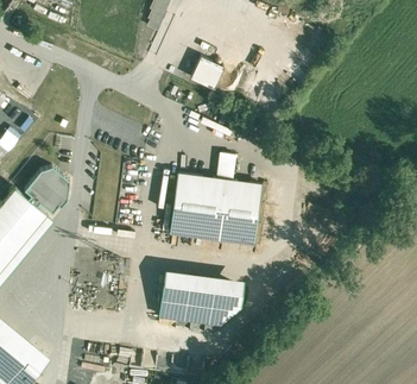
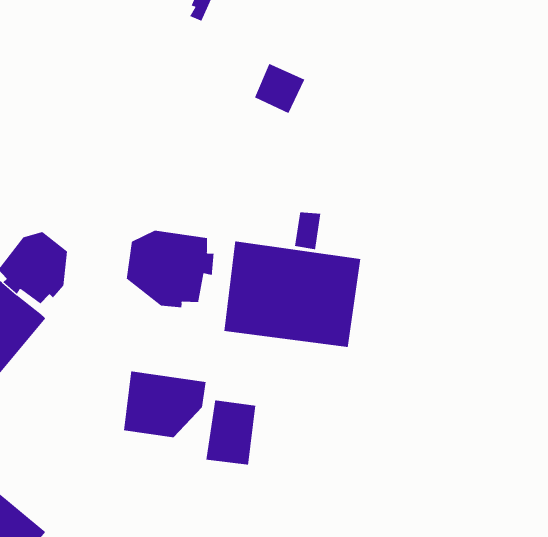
building: none -> [126,230,214,308]
building: [187,281,241,325] -> [123,371,206,438]

